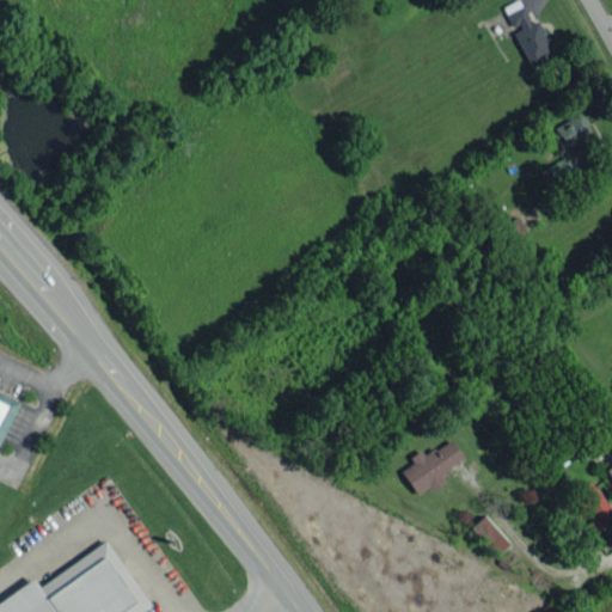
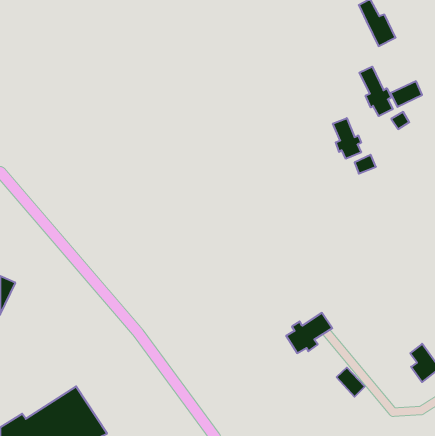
building: none -> [359,67,393,116]
building: none -> [333,118,361,159]

